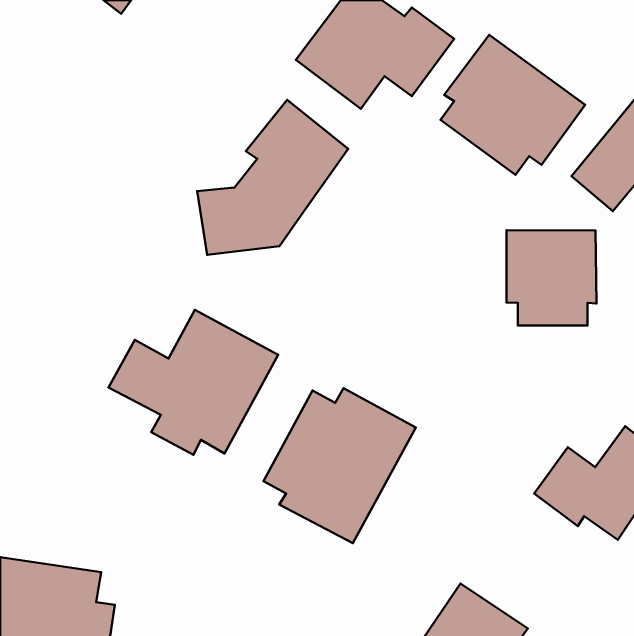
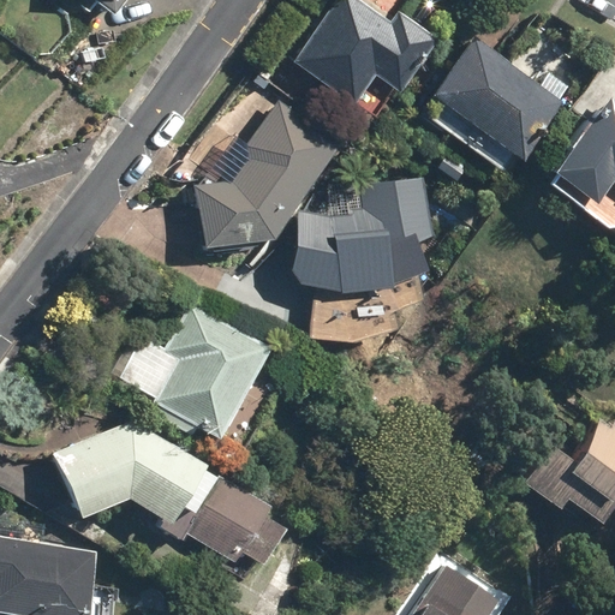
building: none -> [292,181,432,298]
building: [506,230,596,326] -> none
building: [263,388,416,543] -> none
building: none -> [53,420,287,565]

